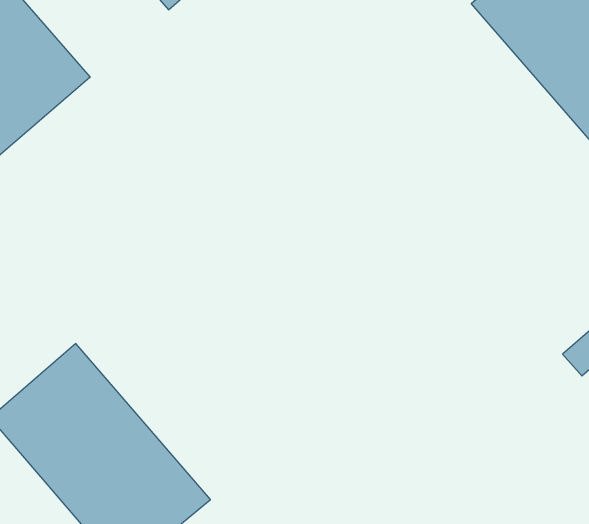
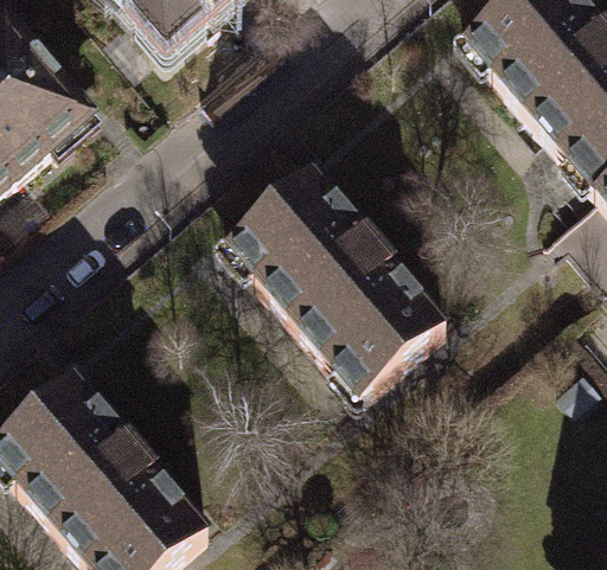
building: none -> [229,171,447,398]

